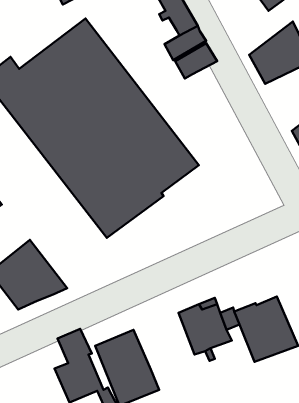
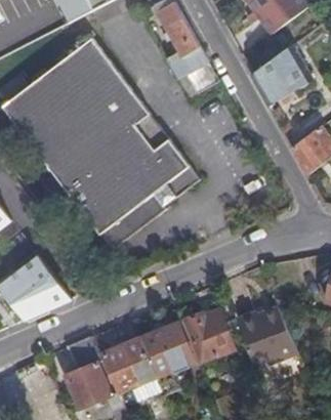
building: none -> [138,323,193,376]

